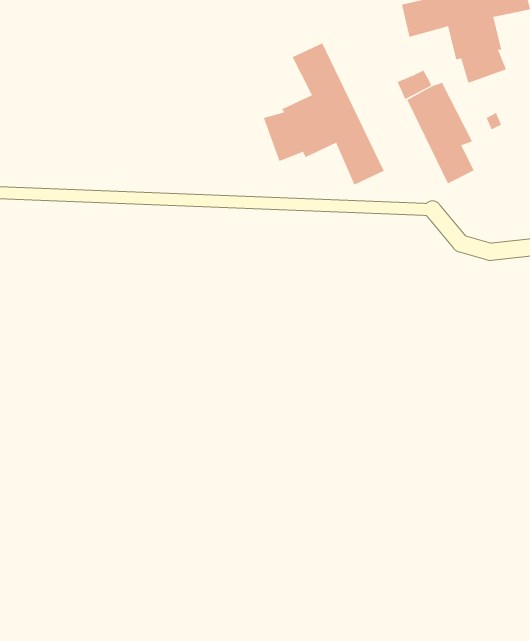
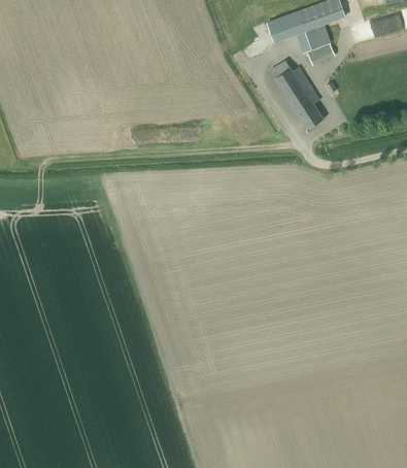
building: [263,43,384,185] -> none

